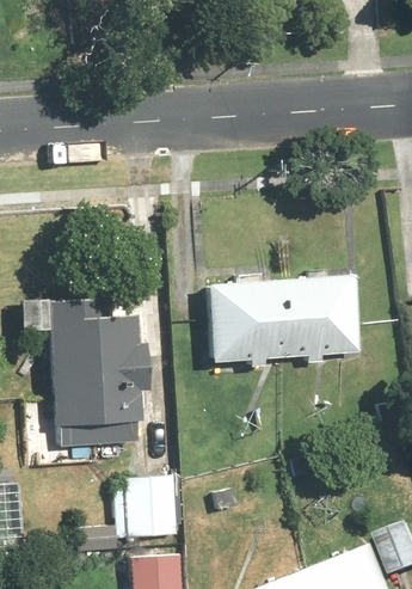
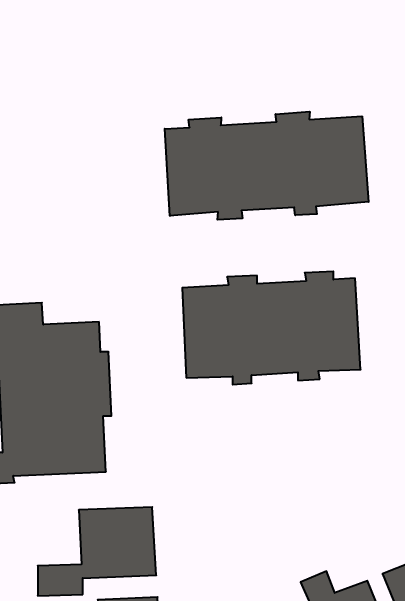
building: none -> [165,112,369,220]

